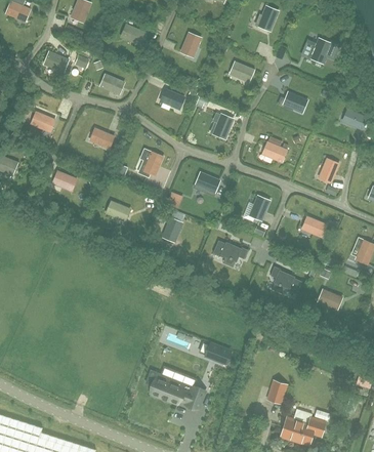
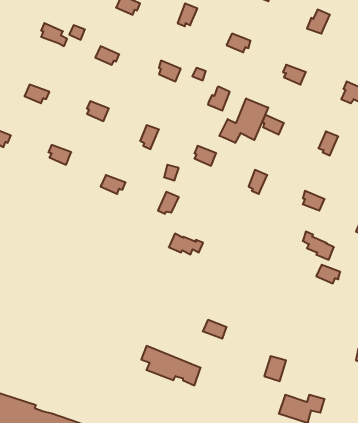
building: none -> [219,98,268,143]
building: [213,240,247,260] -> [169,234,203,254]
building: [269,265,300,293] -> [303,232,334,260]

